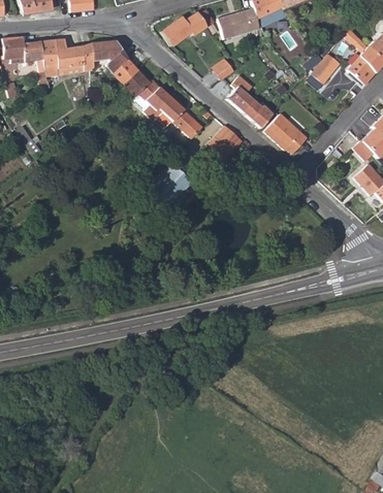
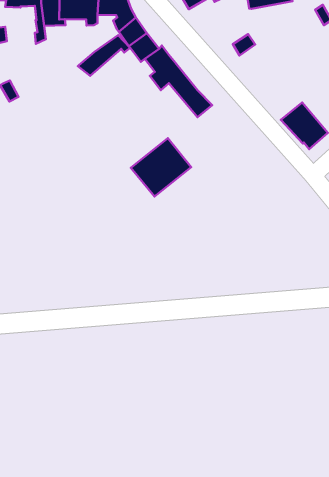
building: none -> [78,35,130,76]
building: [228,77,274,128] -> none
building: [208,126,243,163] -> none

